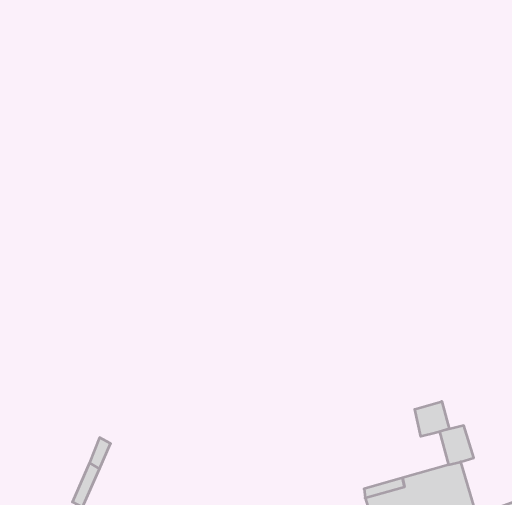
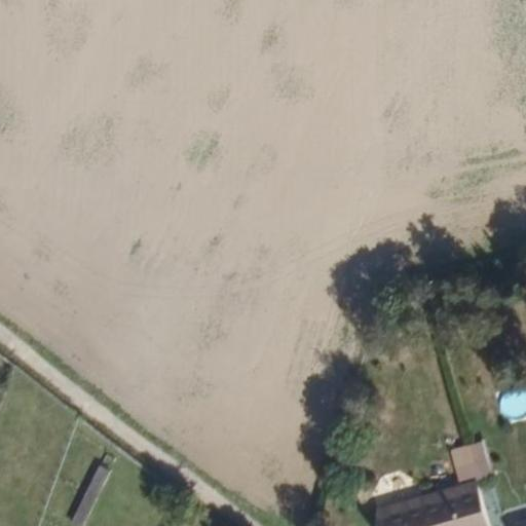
building: [415,401,449,436] -> none

